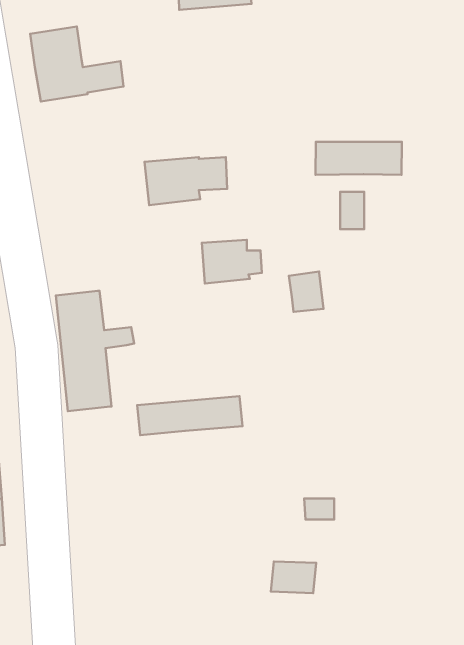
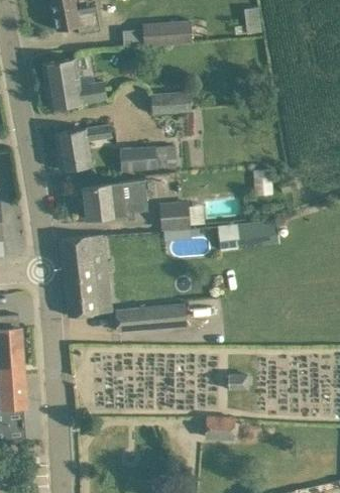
building: none -> [152,92,192,114]
building: none -> [55,125,112,170]
building: [315,142,402,175] -> none
building: none -> [85,179,148,220]

